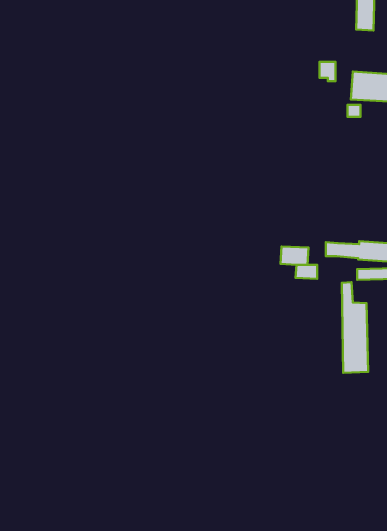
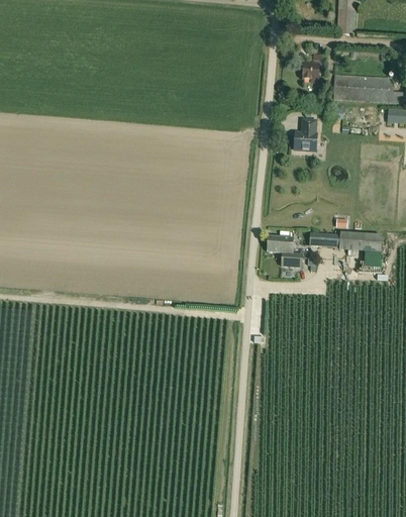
building: none -> [295,119,317,150]
building: [342,282,368,373] -> none

